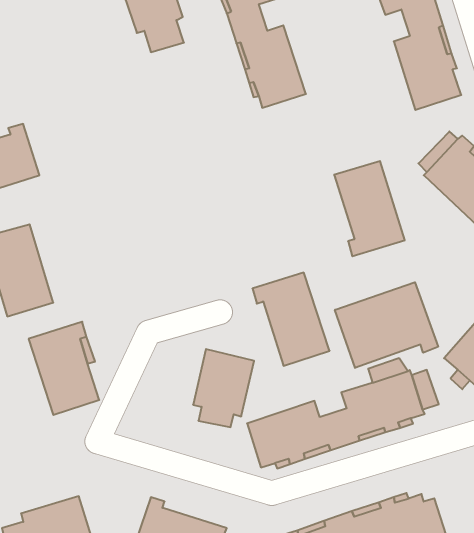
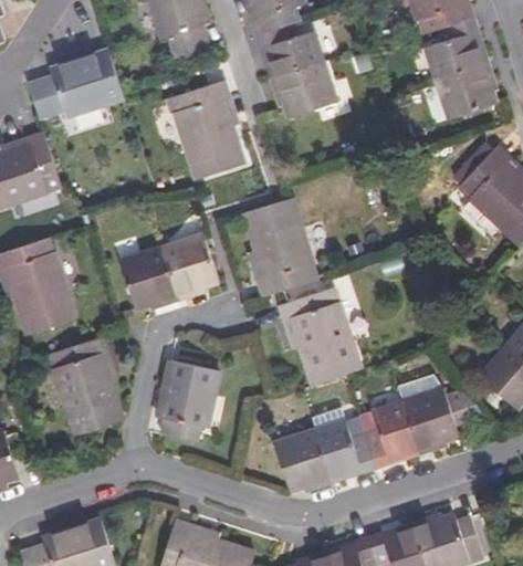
building: none -> [28,50,123,119]
building: none -> [168,82,242,179]
building: [334,161,405,256] -> [243,198,316,296]
building: none -> [119,233,218,307]
building: [335,282,438,368] -> none
building: [193,349,254,427] -> [156,359,219,440]

